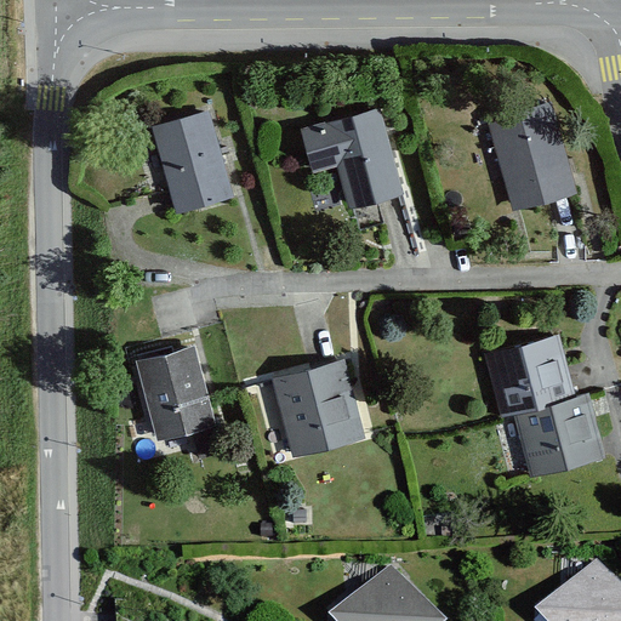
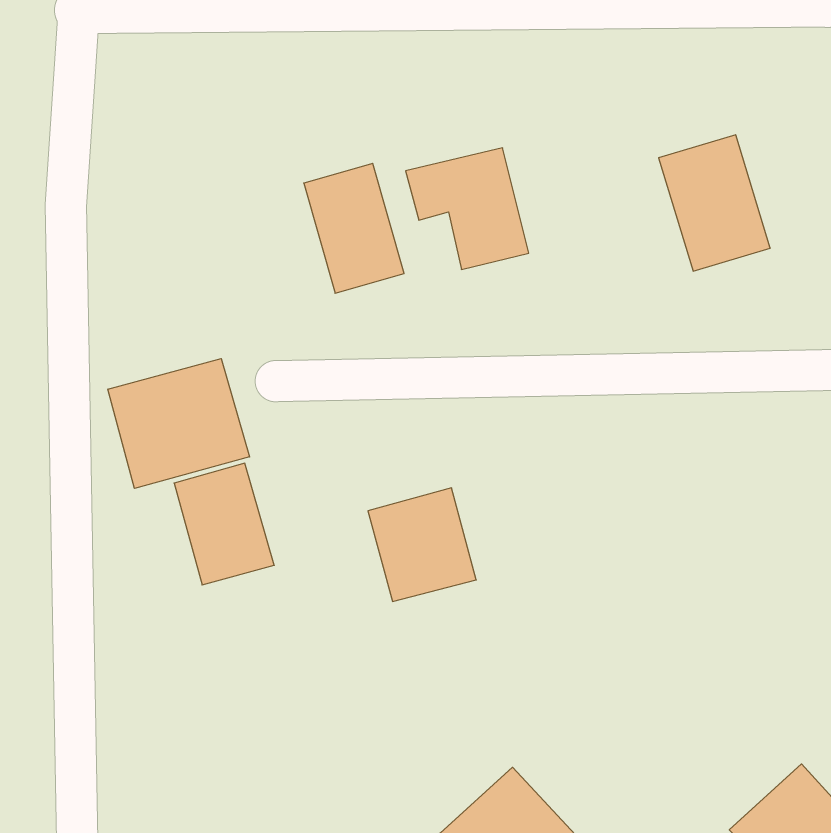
building: [154,113,228,209] -> [304,163,404,293]
building: none -> [108,359,250,488]
building: [490,338,602,475] -> none

